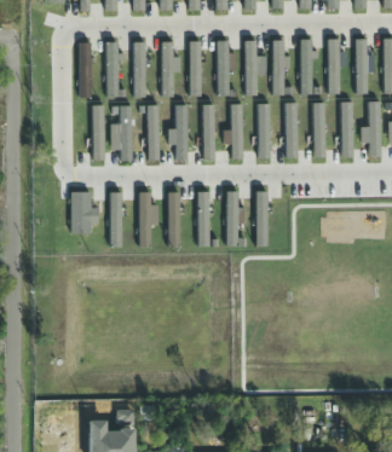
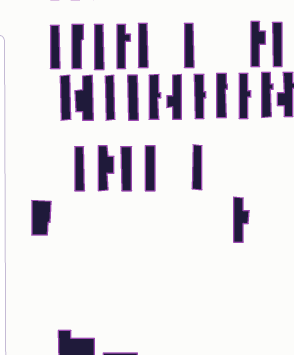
building: [272,40,289,95] -> none
building: [300,40,318,94] -> none
building: [217,41,235,95] -> none
building: [226,191,246,247] -> [234,197,249,242]
building: [74,192,98,234] -> [32,201,51,235]

